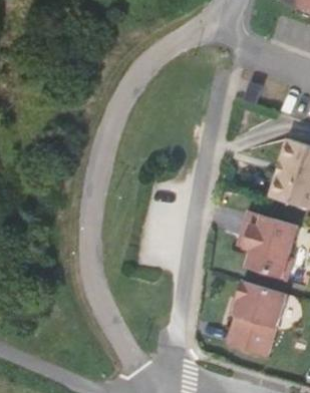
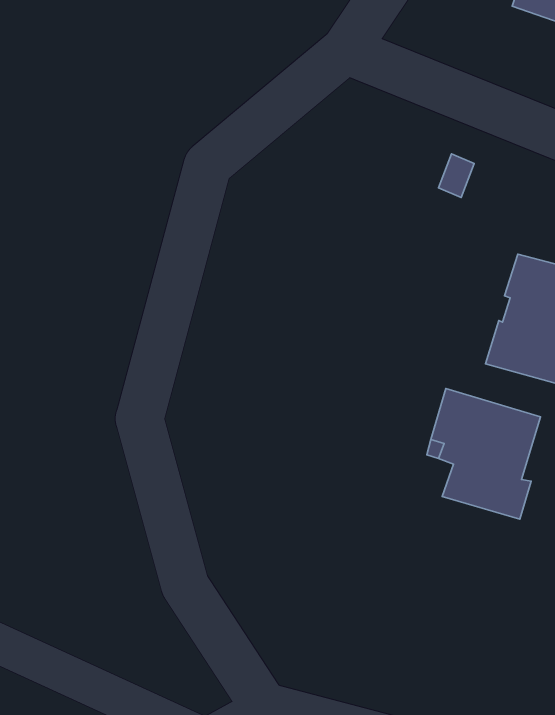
building: [229,281,287,357] -> none

